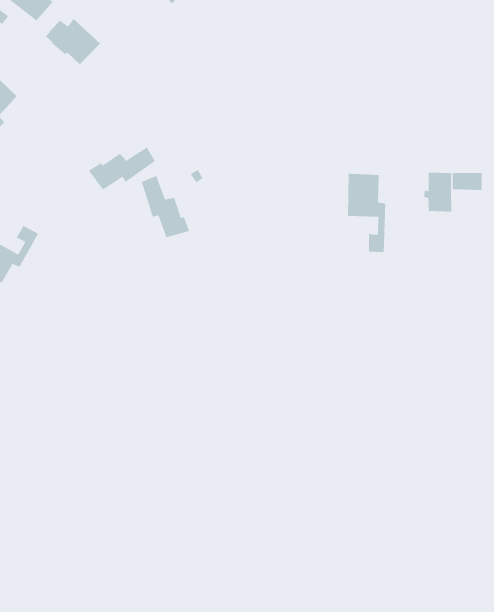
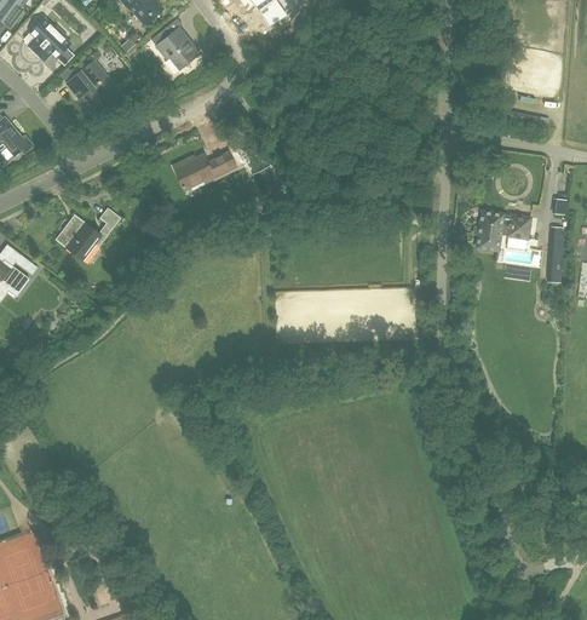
building: [347,173,386,253] -> none
building: [141,175,190,239] -> none

